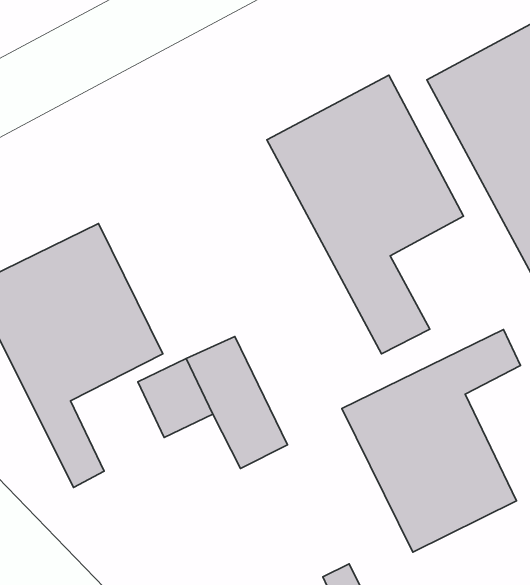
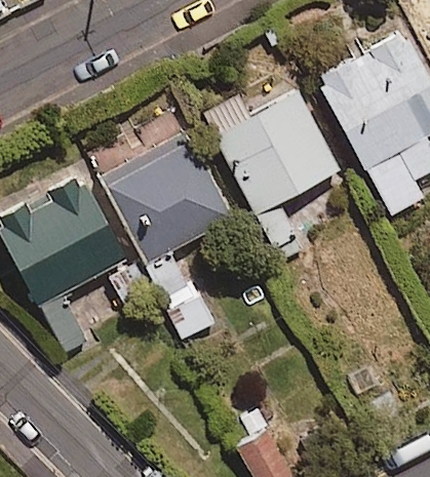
building: none -> [105,137,233,263]
building: [342,330,520,552] -> none

